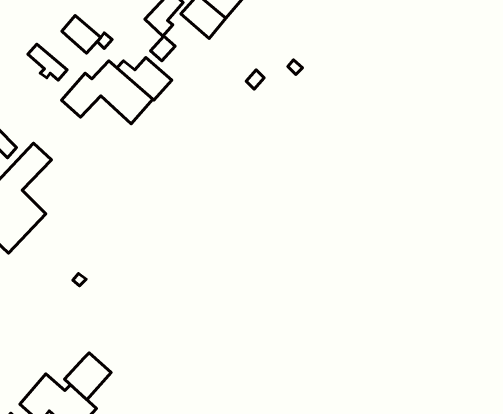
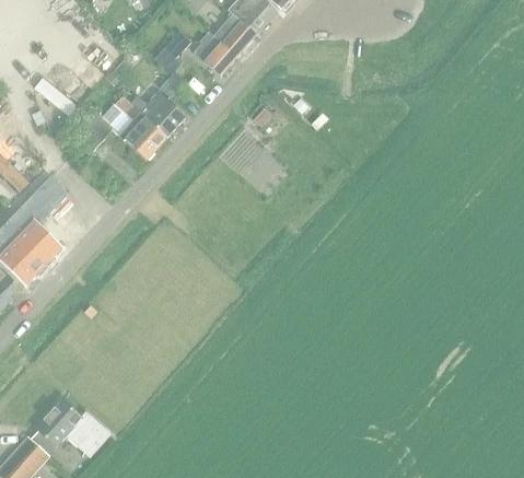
building: [62,15,101,53] -> none
building: [65,353,111,400] -> none

